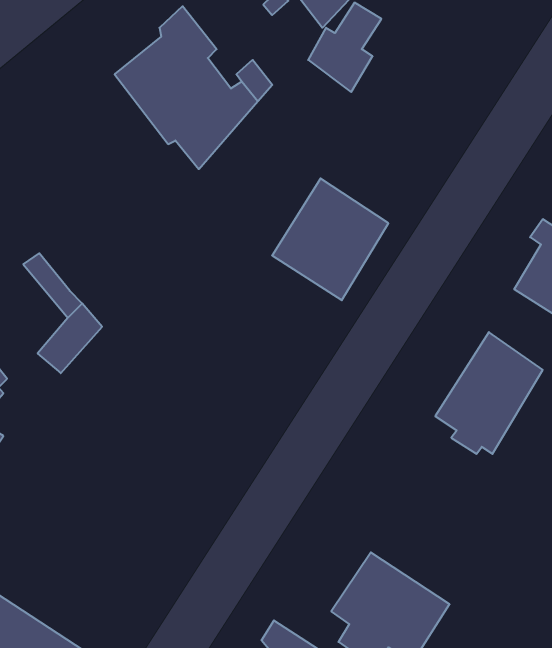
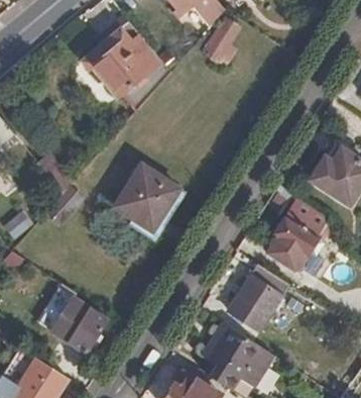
building: [272,178,388,300] -> [112,163,177,231]
building: none -> [228,265,289,330]
building: none -> [37,284,108,355]

